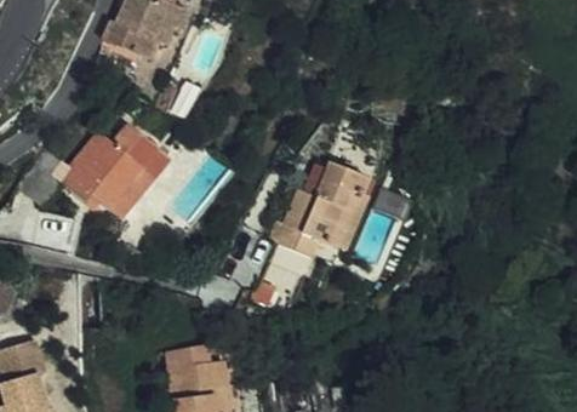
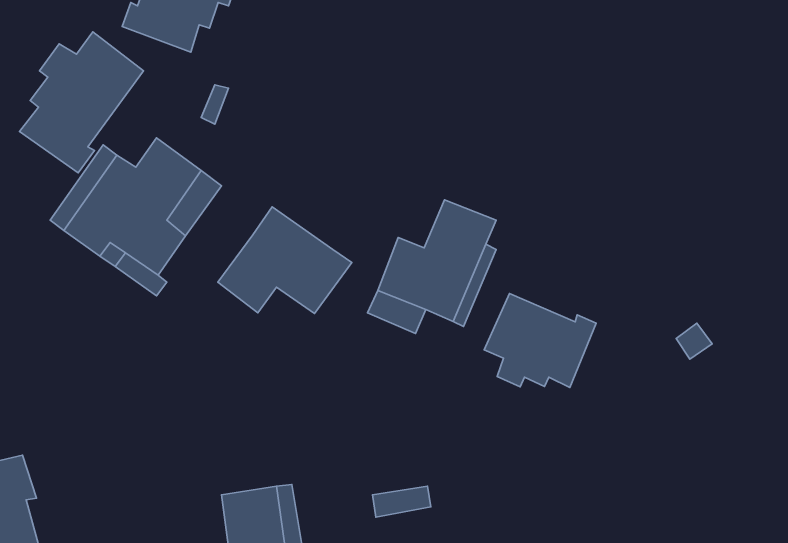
building: none -> [19,32,143,173]
building: none -> [218,207,352,313]
building: none -> [484,293,596,387]

